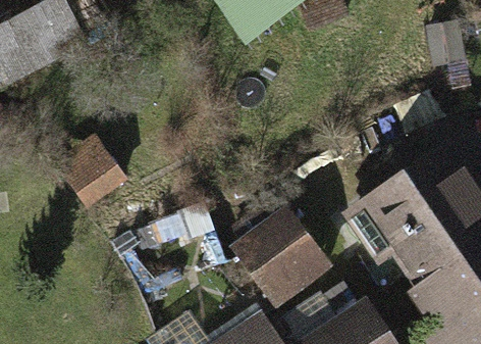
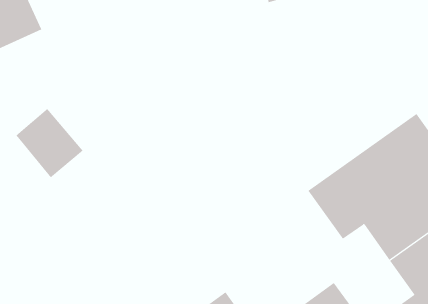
building: [229,201,335,307] -> none

